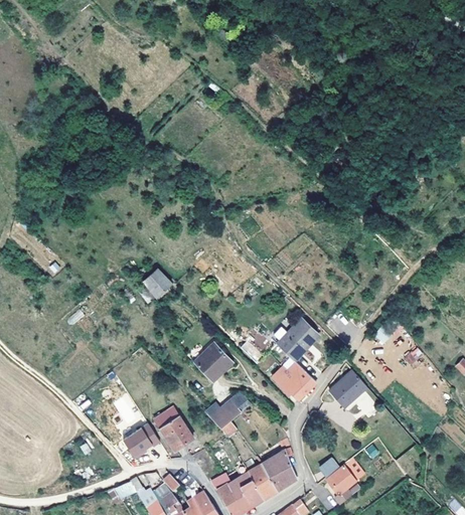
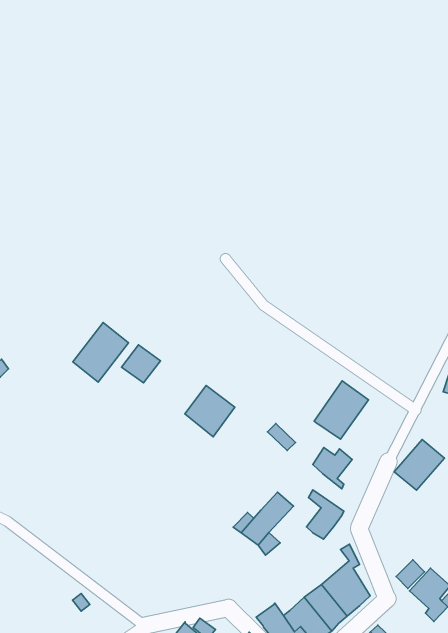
building: none -> [73,322,128,382]
building: [194,342,231,380] -> [185,385,235,437]
building: [286,362,315,399] -> [306,490,344,539]
building: [154,406,193,450] -> none
building: [121,423,159,460] -> none

